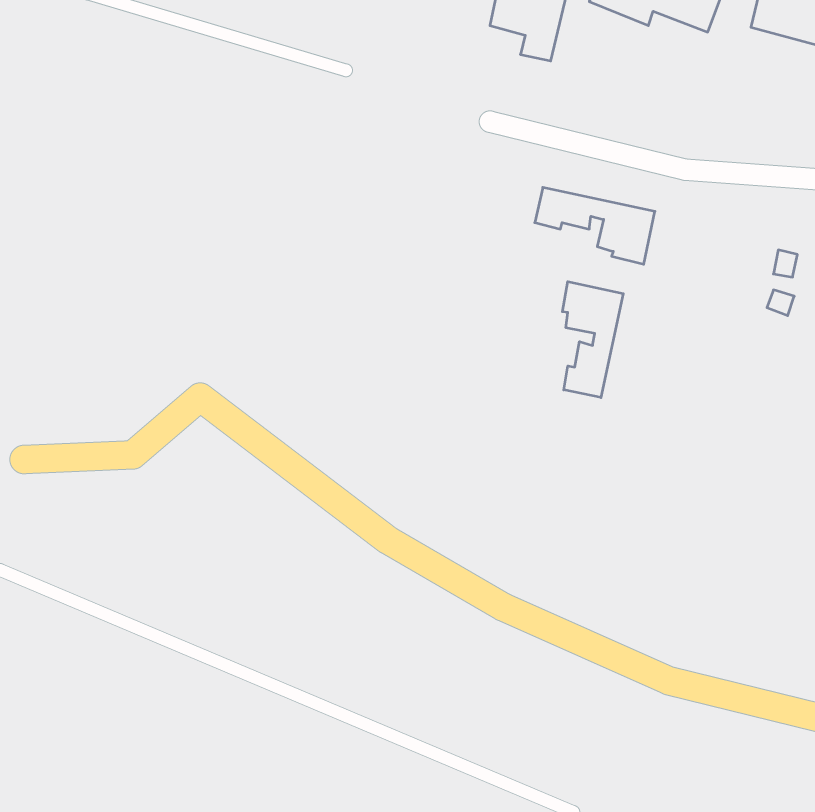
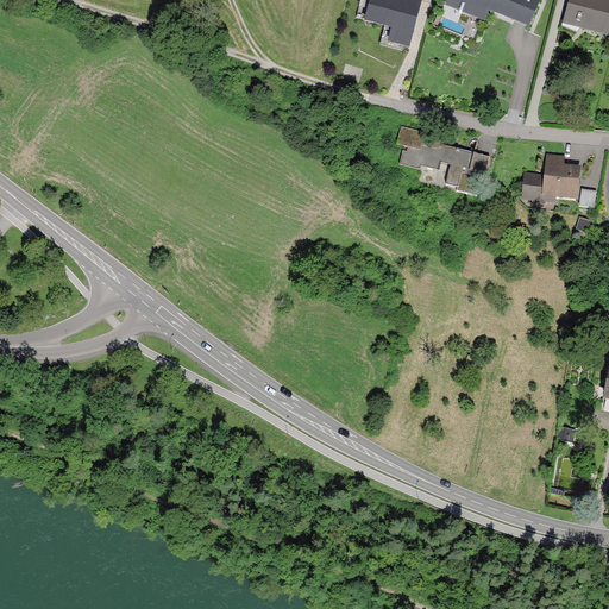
building: none -> [517,150,577,202]
building: [562,282,623,398] -> none

